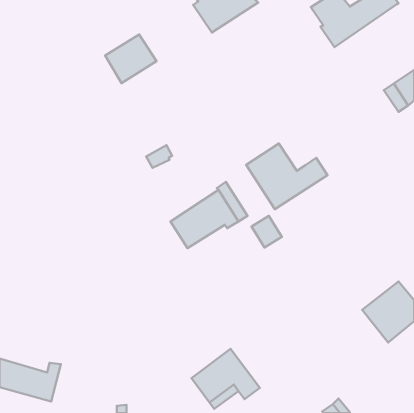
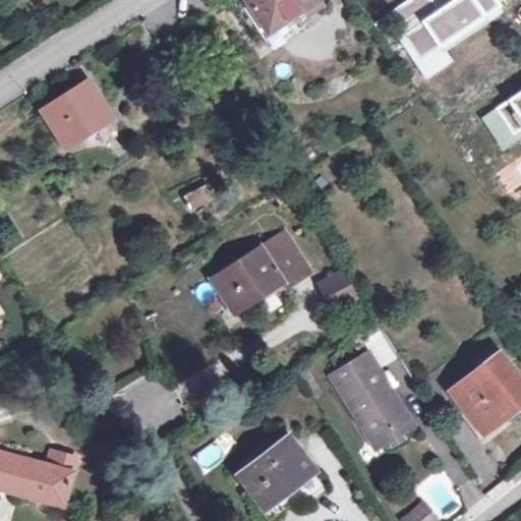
building: none -> [398,5,501,77]
building: [105,34,156,83] -> [44,82,108,143]
building: [246,144,327,209] -> none
building: none -> [332,353,410,446]

